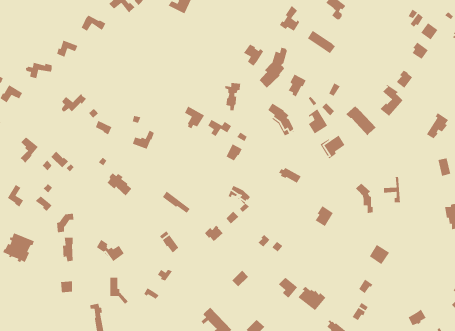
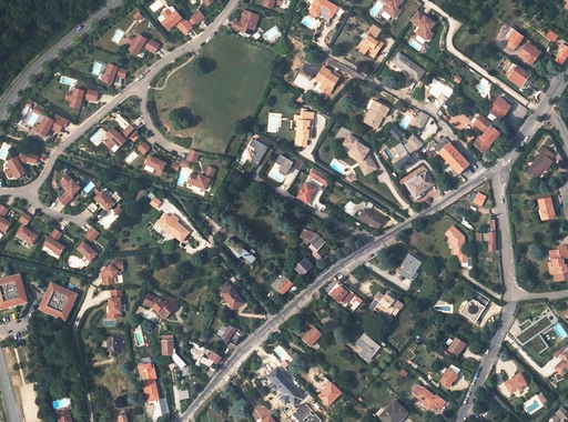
building: [259,47,288,88] -> none
building: none -> [514,312,550,352]
building: [298,286,327,311] -> [371,291,404,320]

